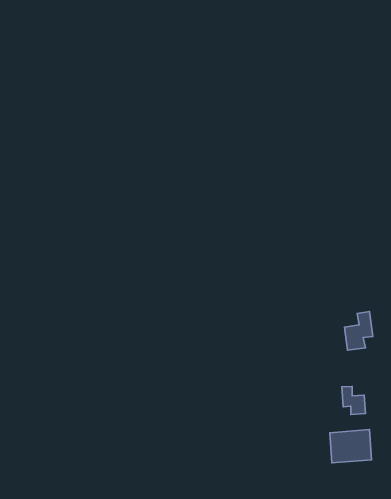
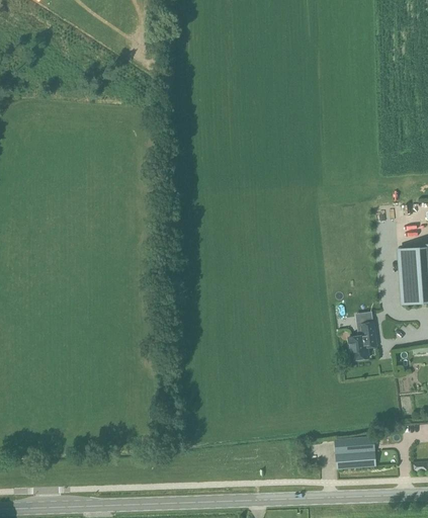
building: [342,387,366,415] -> none

